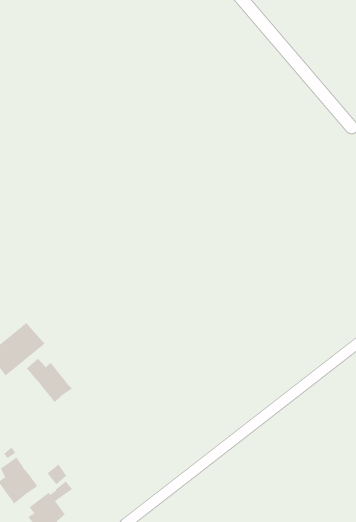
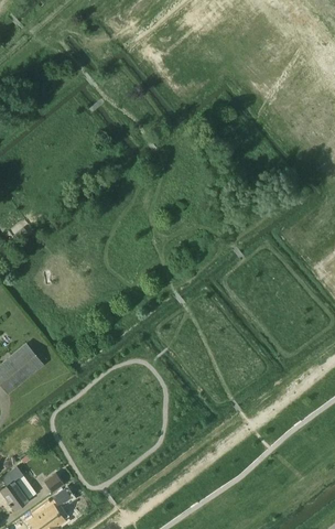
building: [26,358,73,403] -> none

